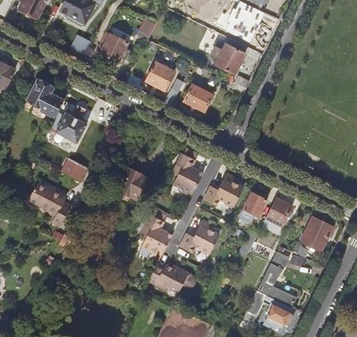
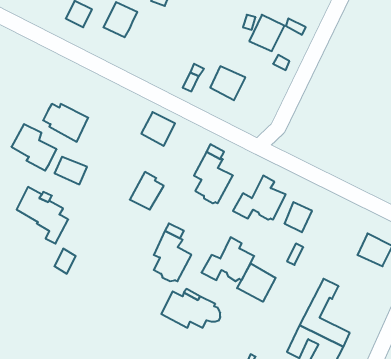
building: [147,63,174,90] -> [141,112,175,146]
building: [29,82,65,119] -> [11,124,57,171]
building: [265,199,290,224] -> none
building: none -> [237,263,276,302]

